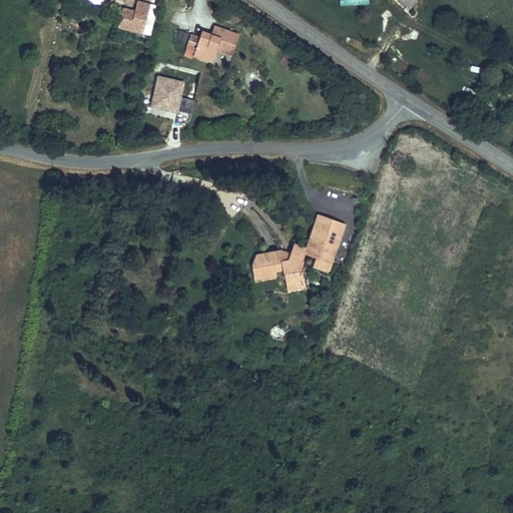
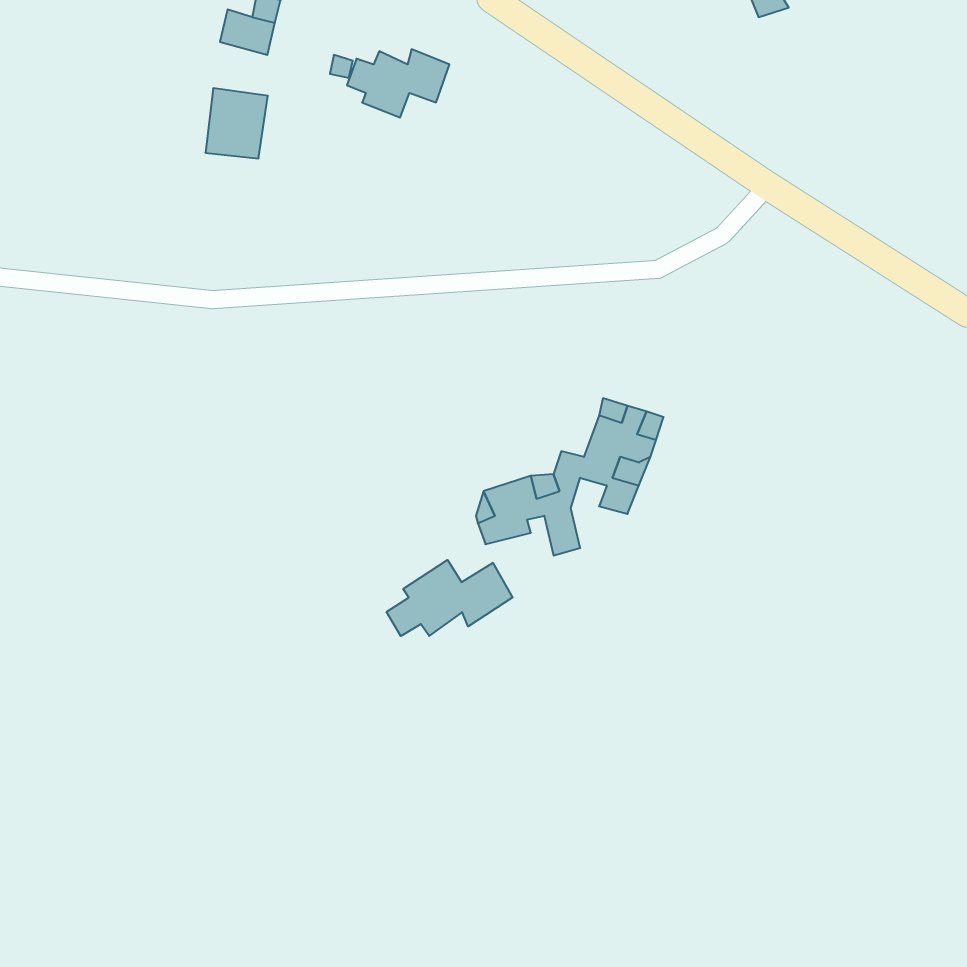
building: [149,75,182,112] -> [205,88,268,158]
building: none -> [387,560,513,636]

